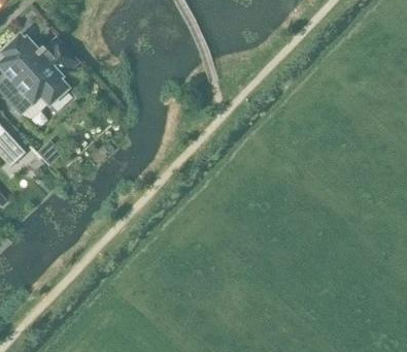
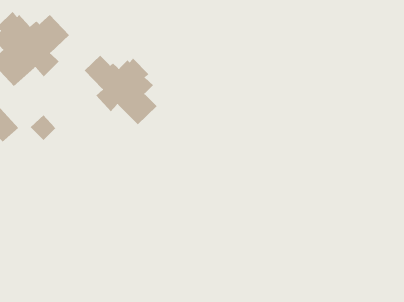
building: none -> [84,55,157,125]

